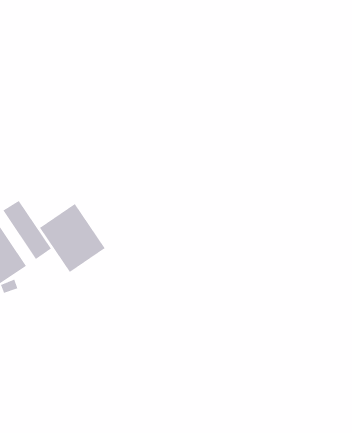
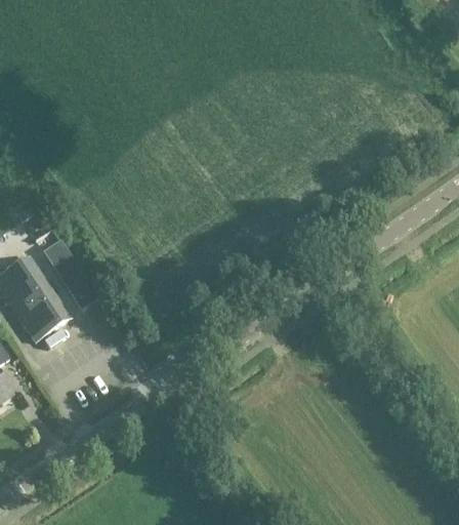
building: [39,203,105,273] -> none

